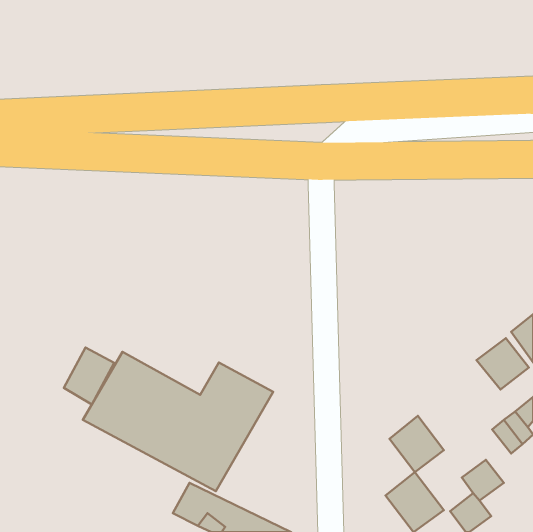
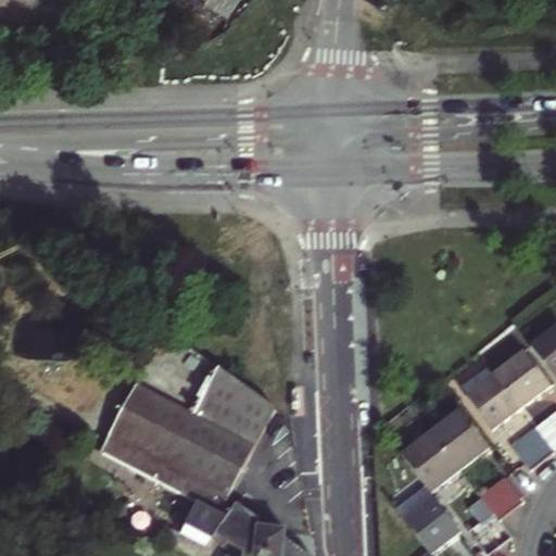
building: [64,347,114,405] -> none
building: none -> [466,374,519,427]
building: none -> [433,409,490,467]

